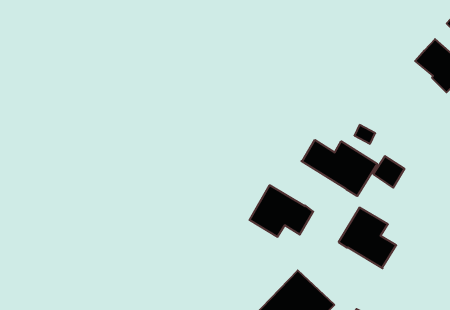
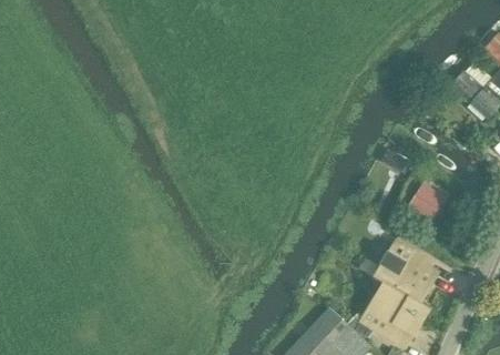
building: [301,140,377,196] -> none
building: [249,185,313,237] -> [361,283,429,337]

